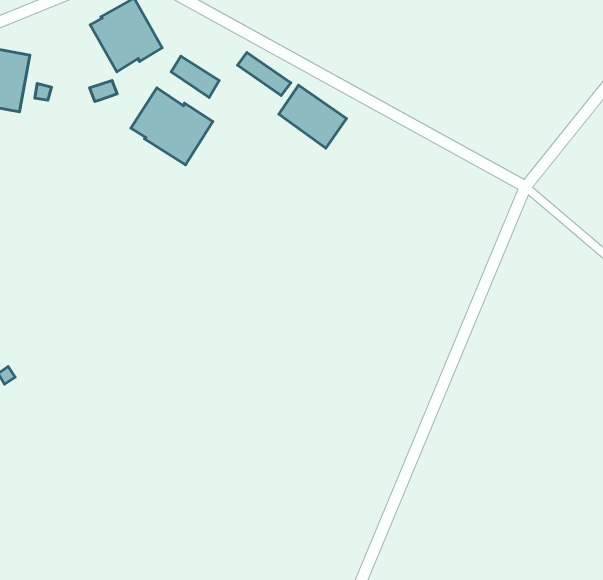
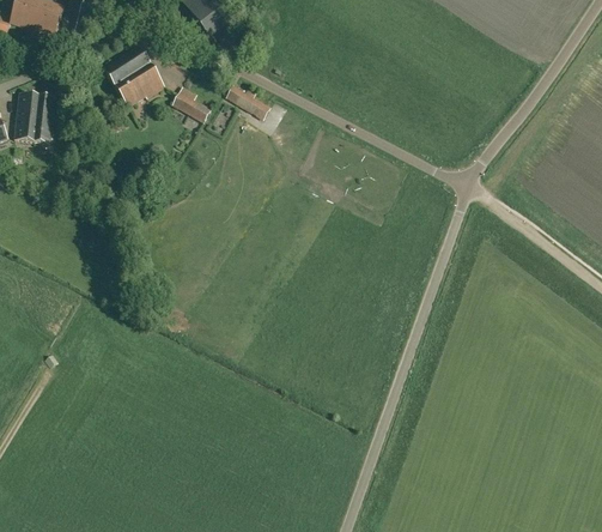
building: [279,85,347,148] -> none
building: [131,88,213,165] -> none

